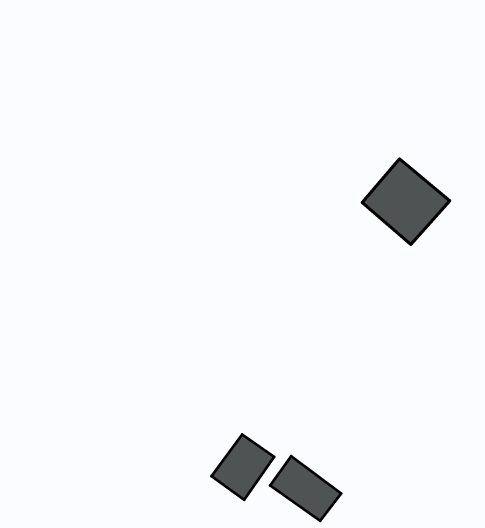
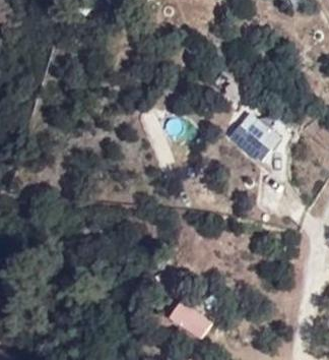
building: [211,435,274,500] -> none

